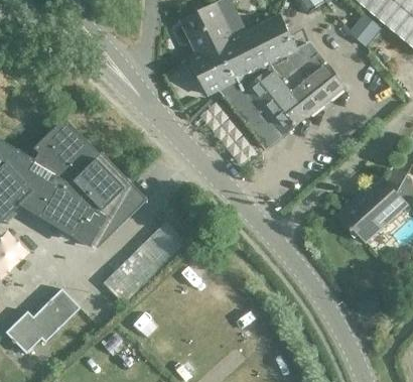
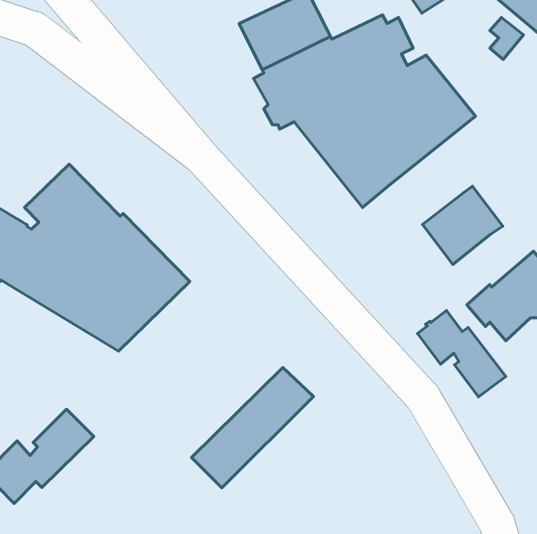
building: none -> [422,186,503,264]
building: [103,221,187,304] -> [192,368,313,488]
building: none -> [418,311,506,397]

